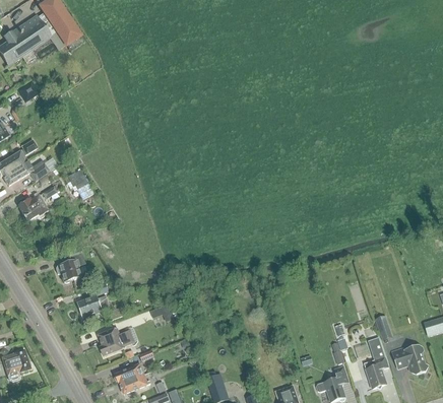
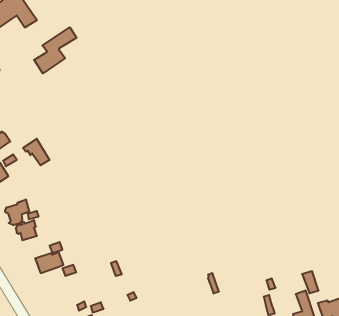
building: none -> [34,27,76,73]
building: none -> [5,199,29,225]
building: [98,328,133,356] -> none

